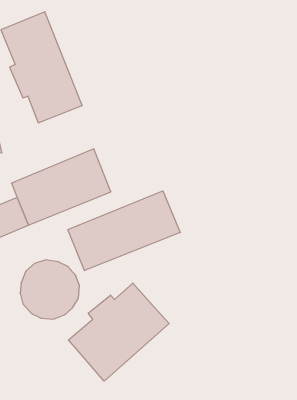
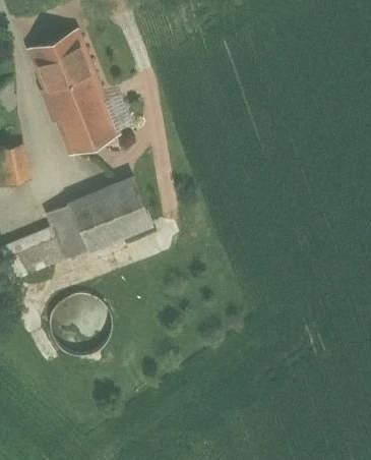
building: [68,191,180,271] -> none
building: [68,283,169,381] -> none

